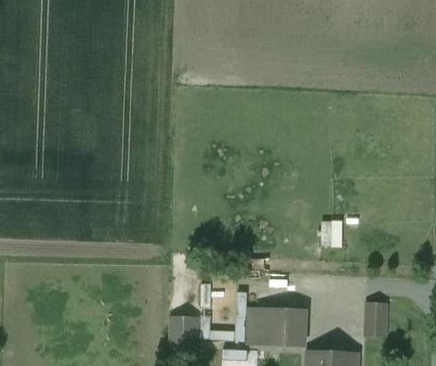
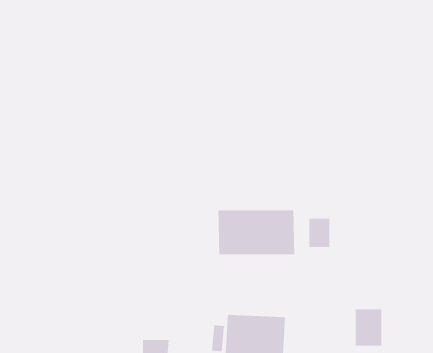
building: none -> [218,209,295,255]

